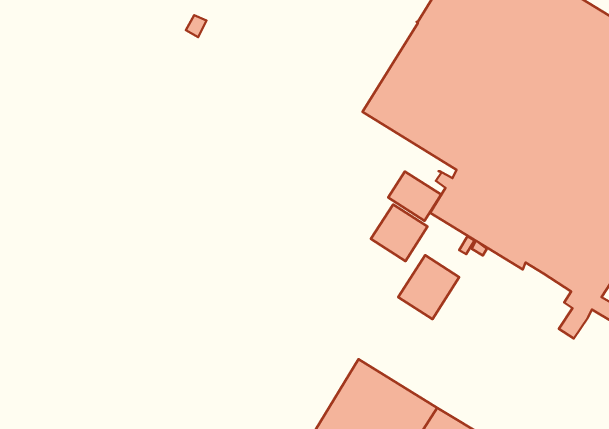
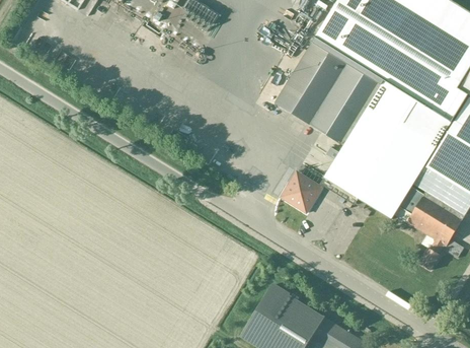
building: [388,171,441,221] -> none
building: [398,255,459,319] -> none

